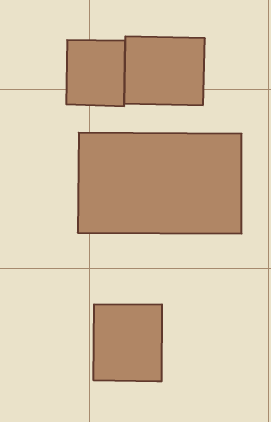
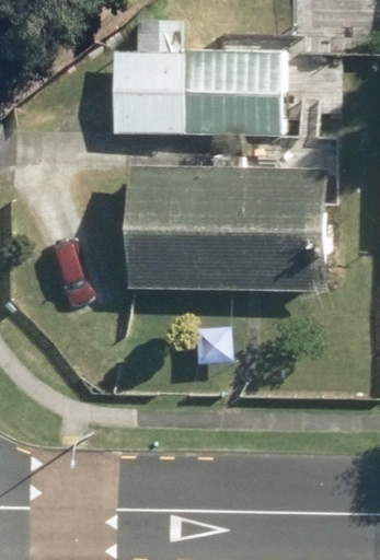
building: [94,304,162,381] -> none

